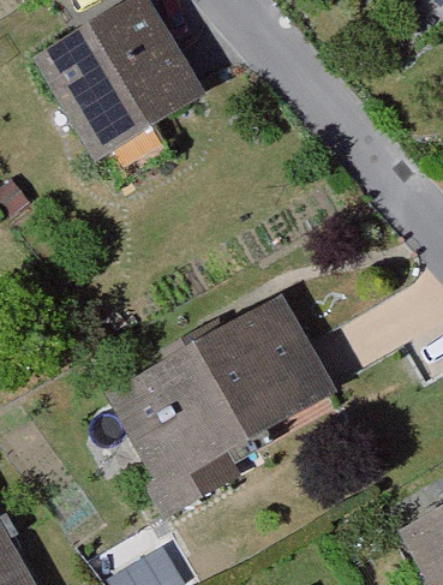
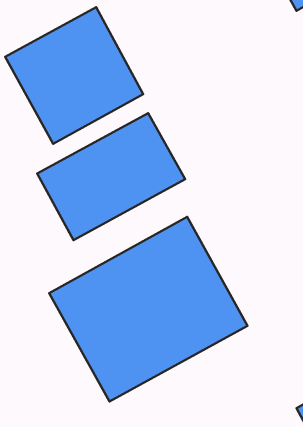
building: none -> [37,113,185,240]

